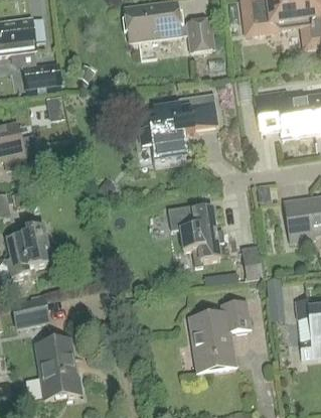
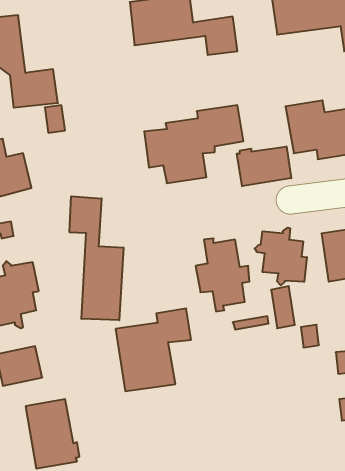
building: none -> [237,146,291,186]
building: none -> [70,196,124,320]
building: none -> [255,228,307,285]
building: [187,302,251,372] -> [116,309,191,391]

